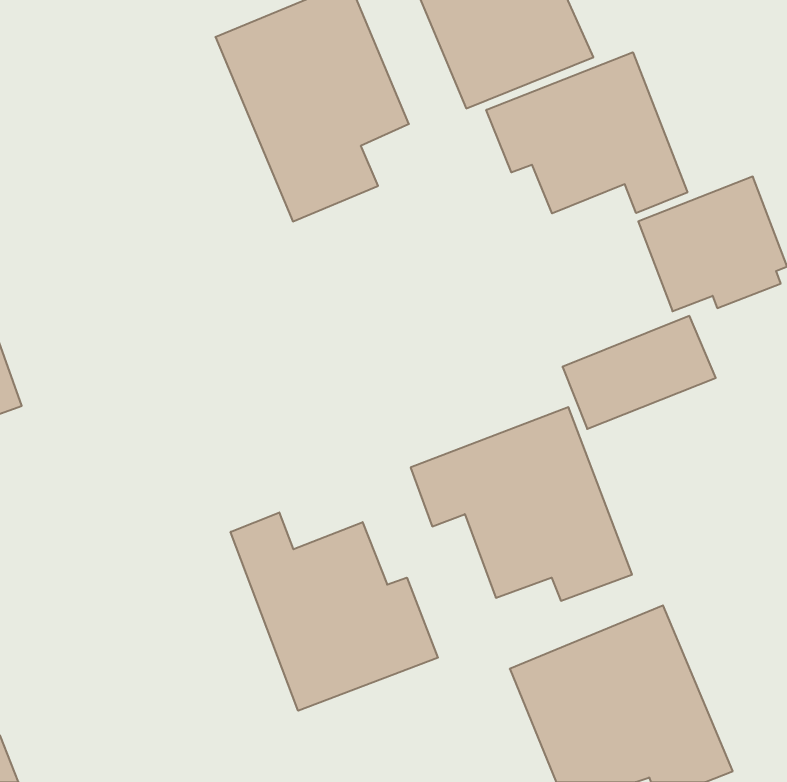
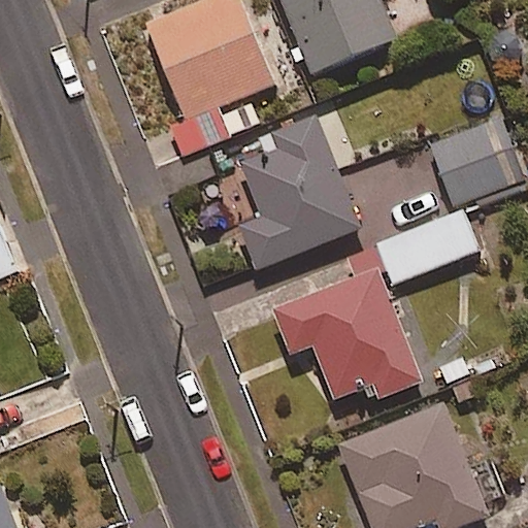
building: [486,52,687,213] -> none
building: none -> [233,118,359,261]
building: [231,512,438,711] -> none

